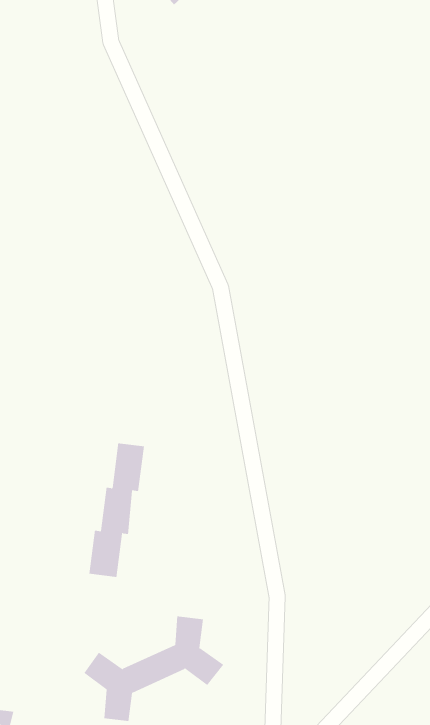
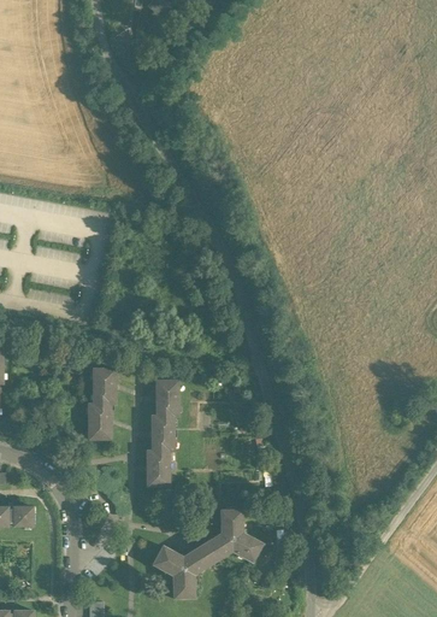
building: none -> [88,369,116,439]

